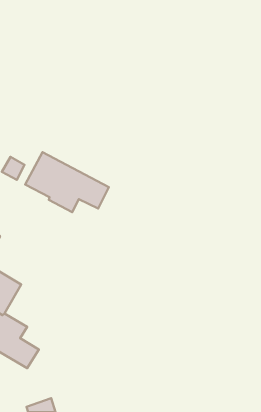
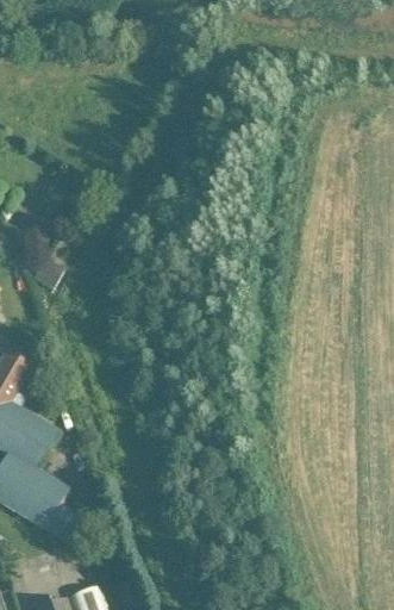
building: [25,152,109,212] -> none

